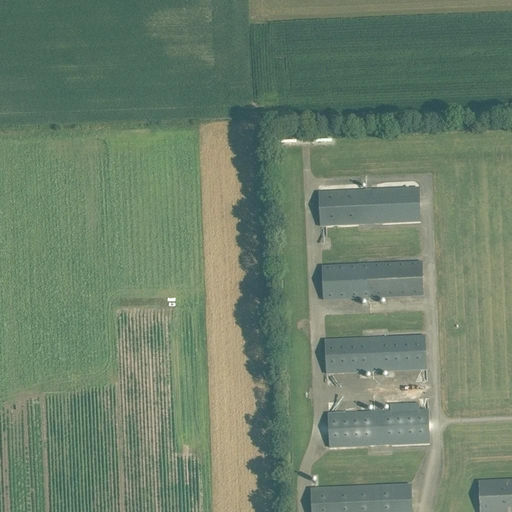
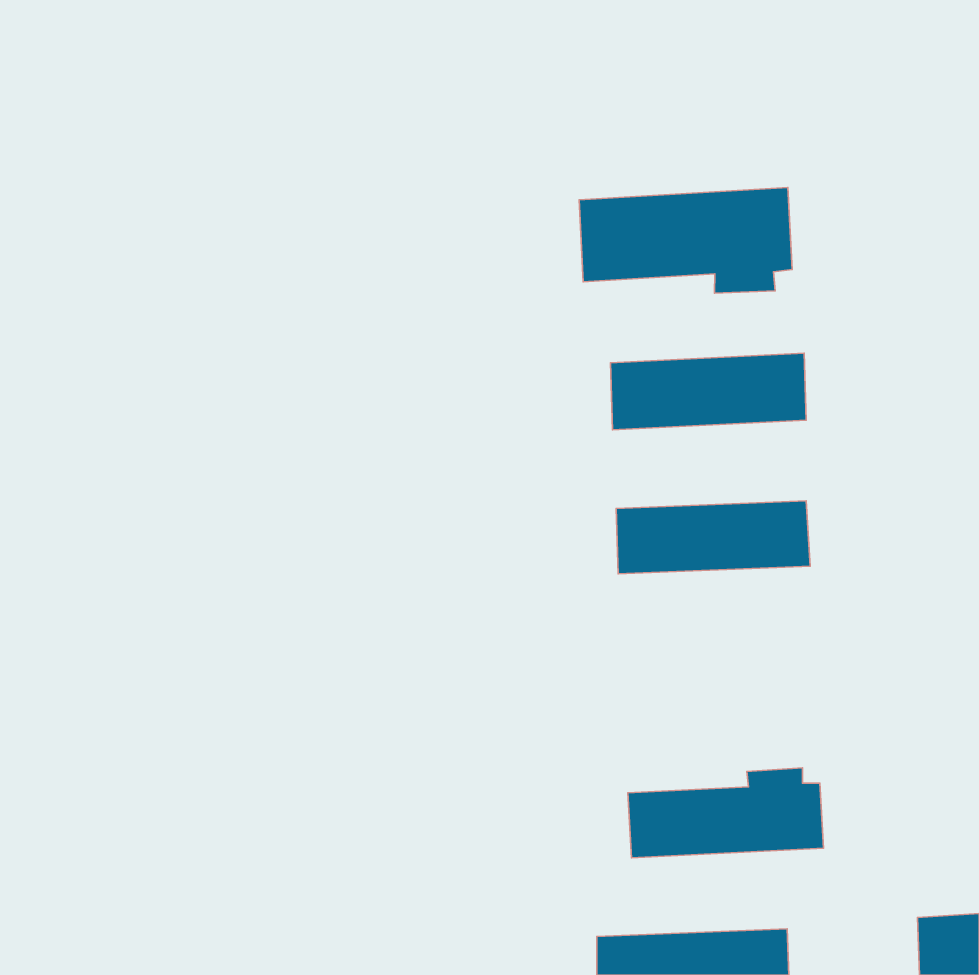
building: none -> [579,187,792,293]
building: [324,334,425,373] -> none

